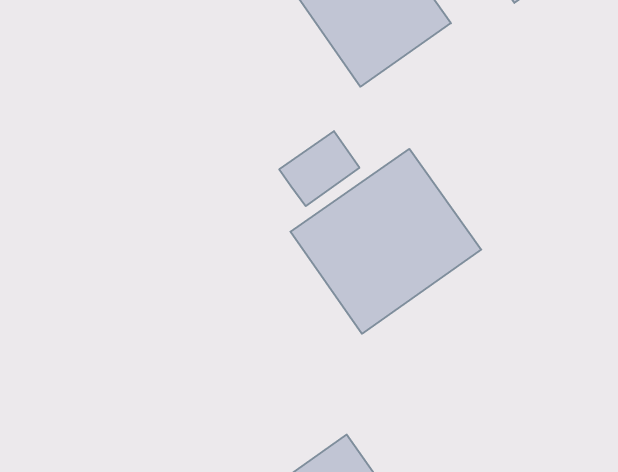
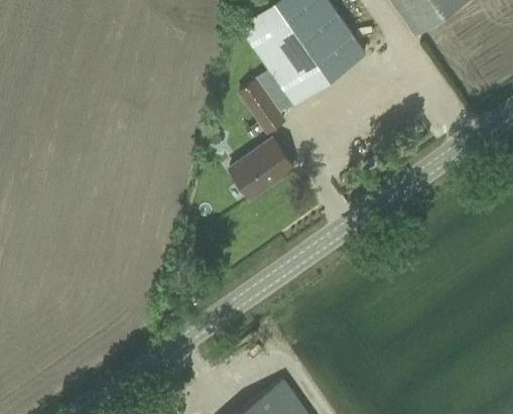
building: none -> [242,85,285,134]
building: [290,149,481,334] -> none

